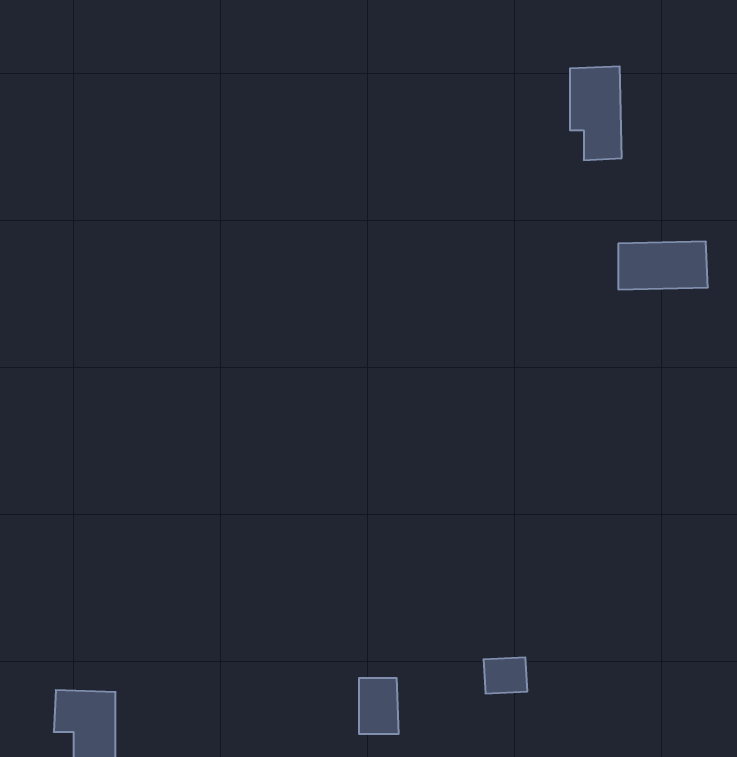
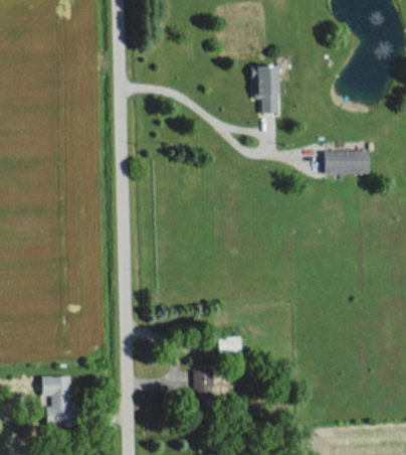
building: [570,66,622,160] -> [253,65,279,113]
building: [483,657,527,693] -> [220,335,242,353]

